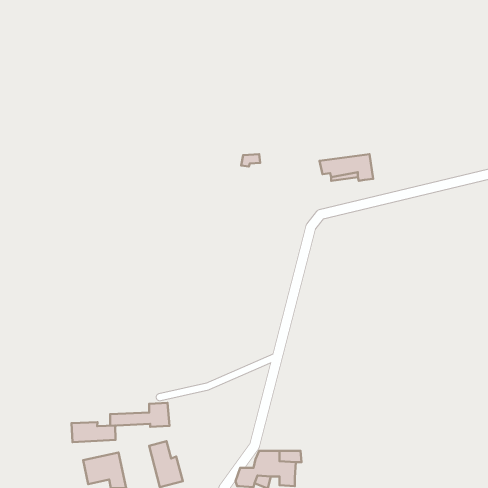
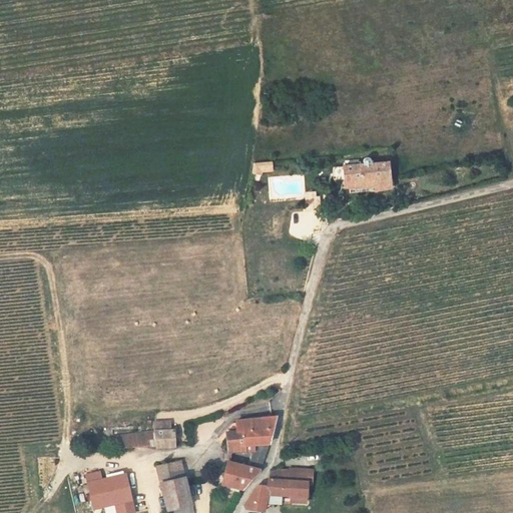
building: none -> [218,415,275,489]
building: [71,422,115,442] -> none

